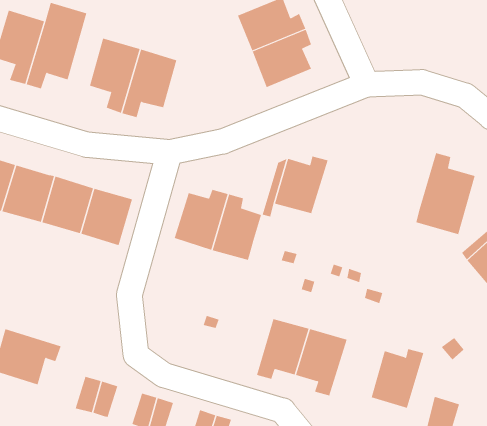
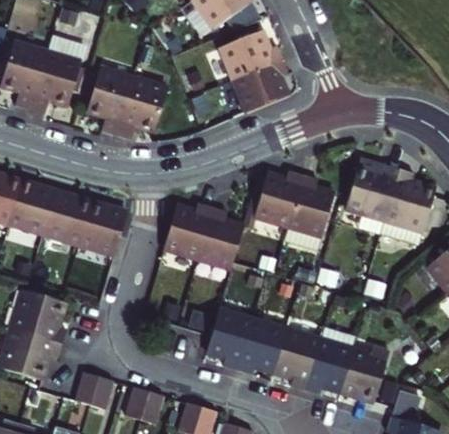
building: none -> [344,159,398,233]
building: none -> [283,177,332,250]
building: none -> [11,290,66,344]
building: none -> [206,309,252,370]
building: none -> [303,338,352,394]

